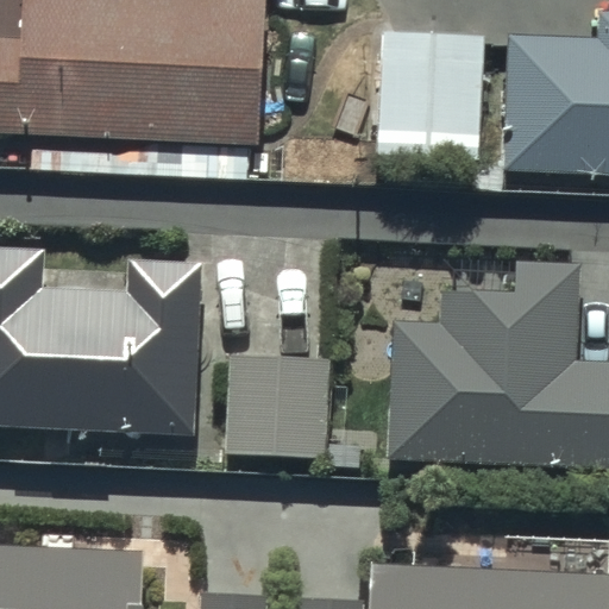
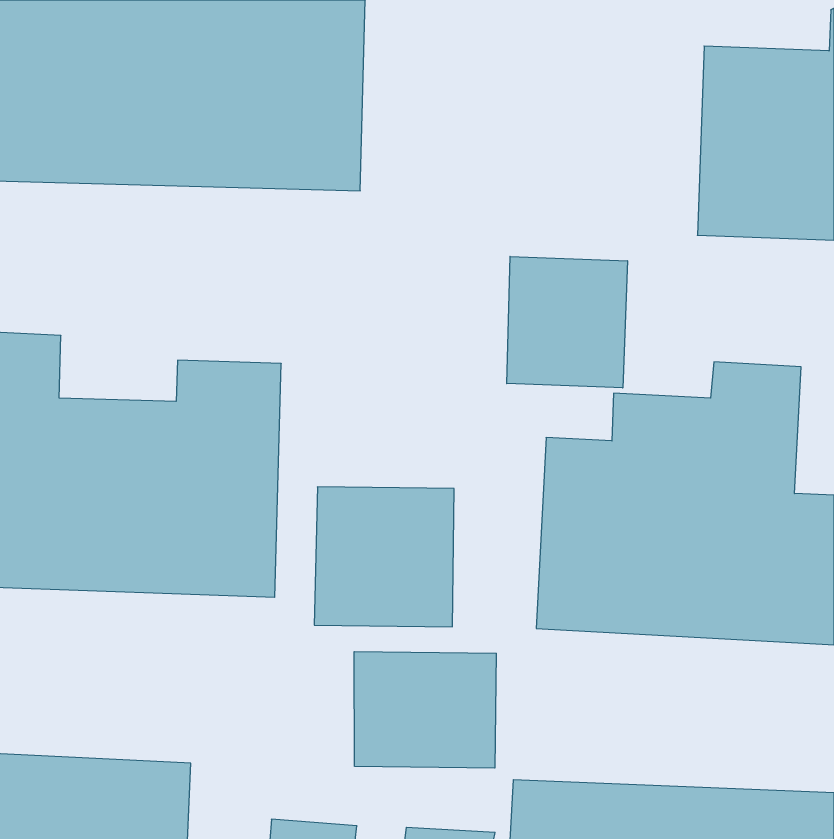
building: [382,27,483,158] -> none
building: none -> [507,256,627,388]
building: none -> [354,652,496,768]

